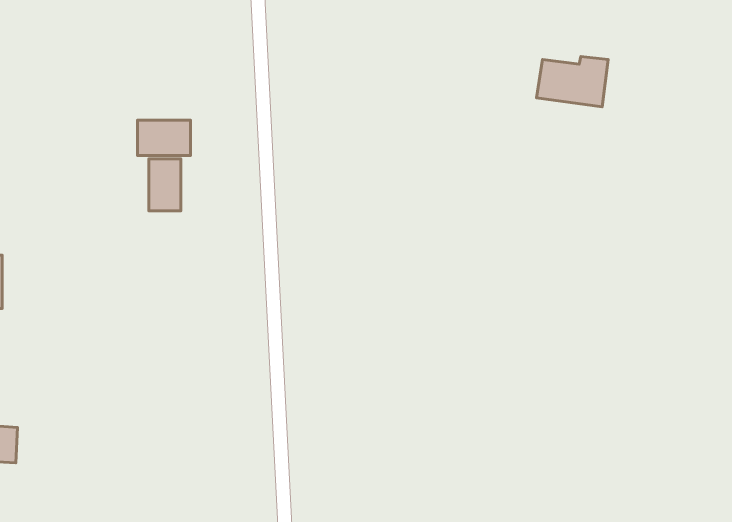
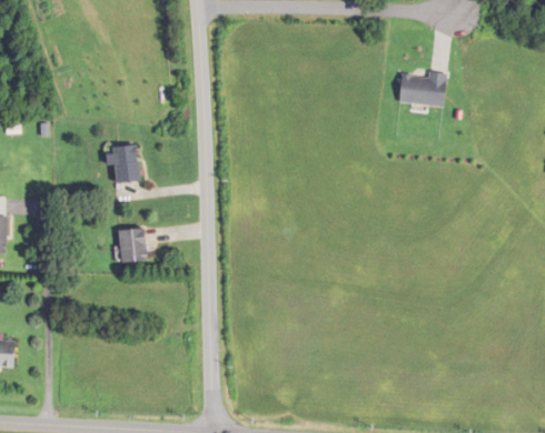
building: [137,120,191,155] -> none
building: none -> [118,228,146,261]

